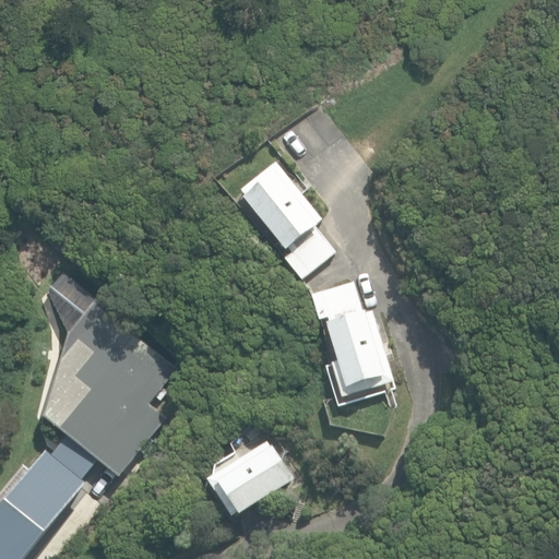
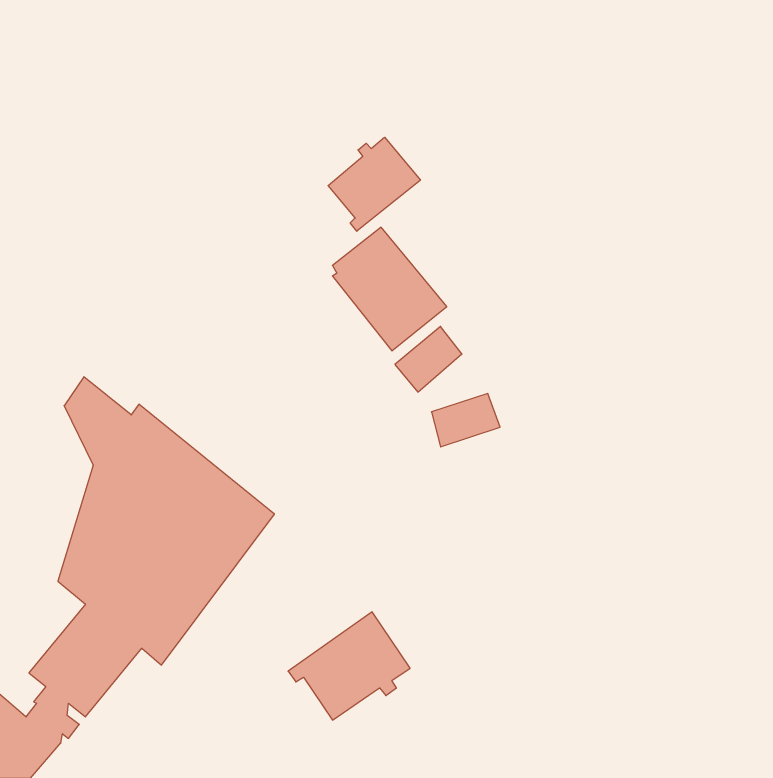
building: none -> [328,137,420,231]
building: [322,311,392,399] -> none

